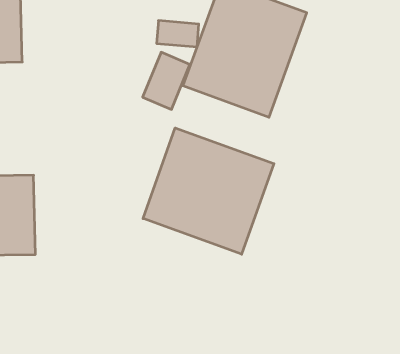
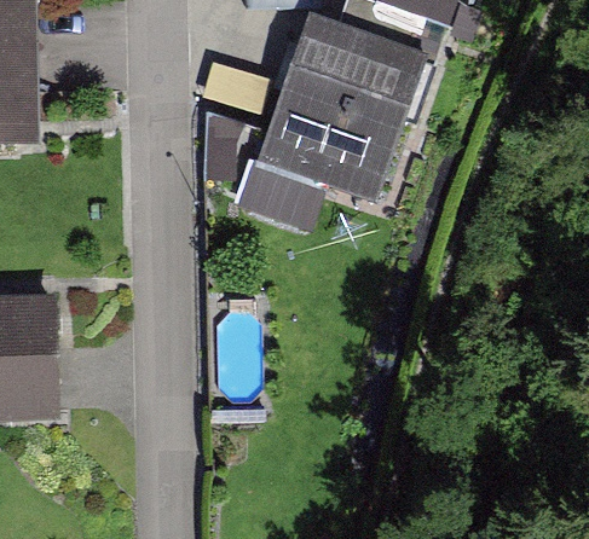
building: [143,128,274,254] -> none

